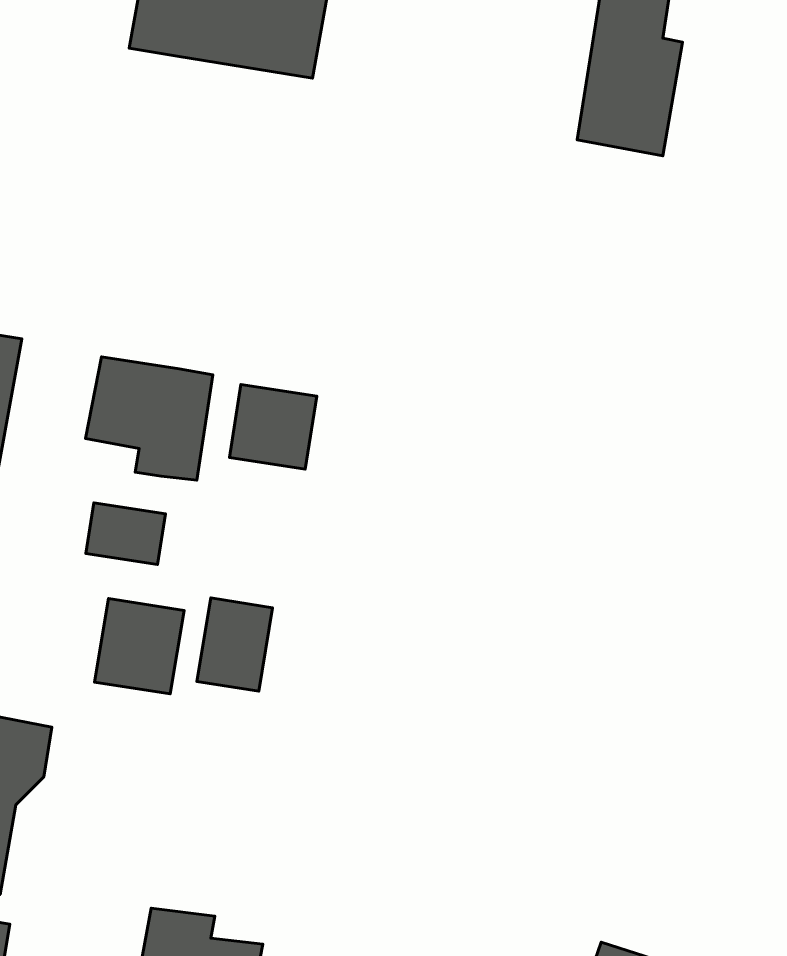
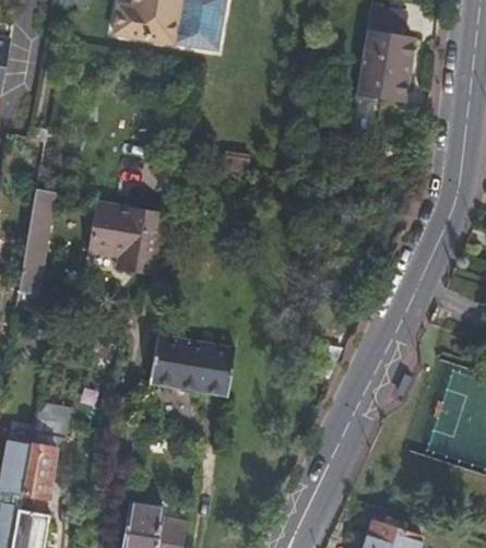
building: [229,385,317,469] -> none
building: [86,503,166,564] -> none
building: [95,598,184,694] -> [186,341,235,393]

